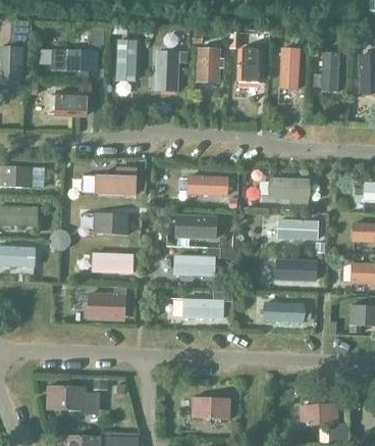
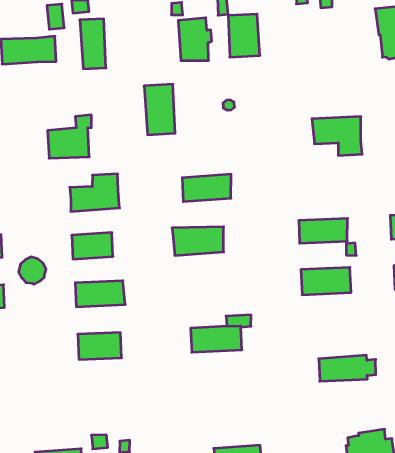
building: [279,48,300,90] -> none
building: [154,51,178,92] -> [144,84,175,135]
building: [312,53,339,92] -> none
building: [54,83,92,116] -> [48,115,91,158]
building: [269,178,309,210] -> [312,117,362,155]
building: [174,256,214,276] -> none
building: [263,301,310,321] -> [319,355,376,381]

